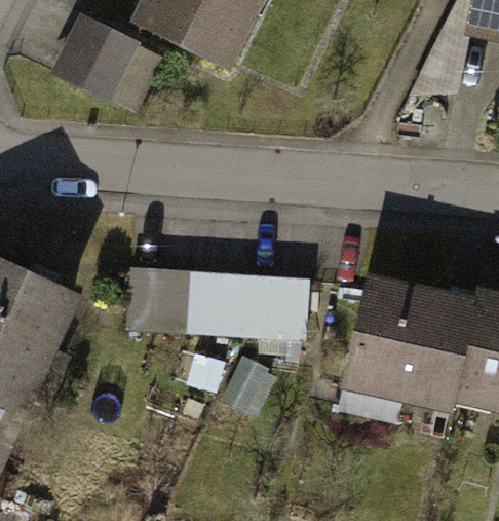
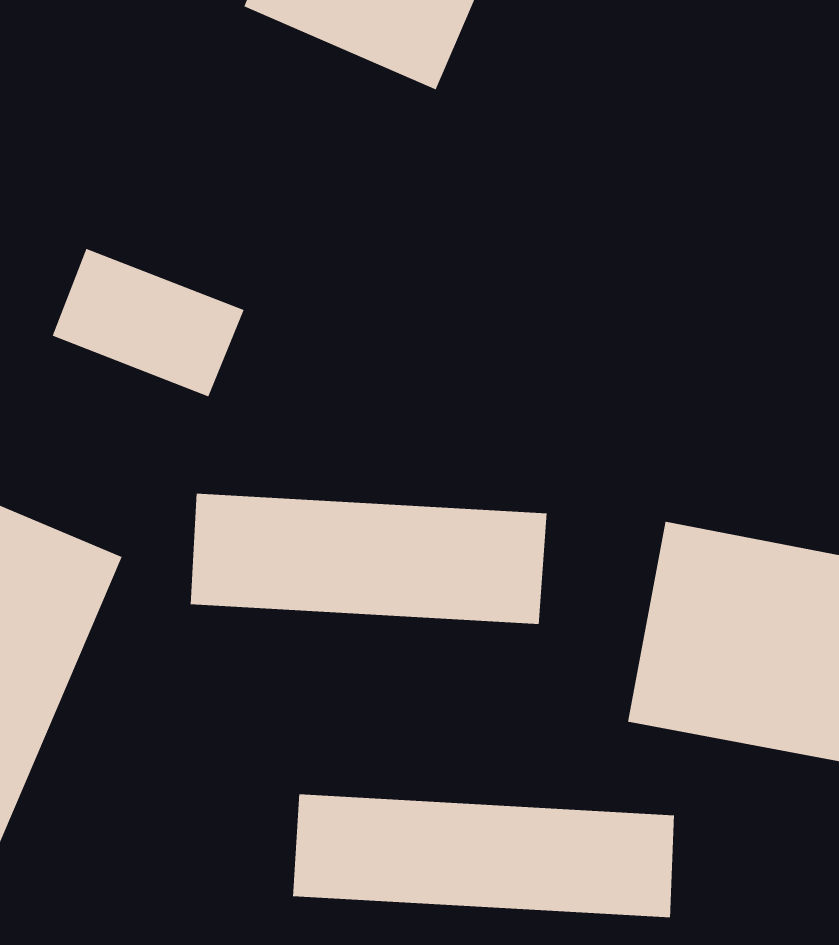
building: [59,27,158,104] -> [52,248,245,397]
building: none -> [293,794,675,918]

